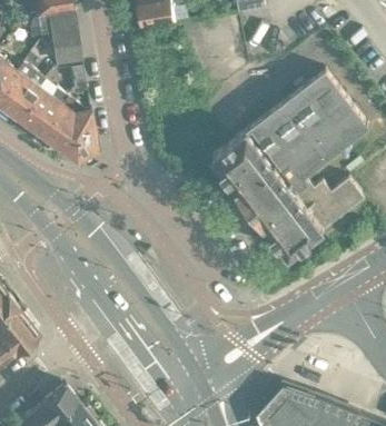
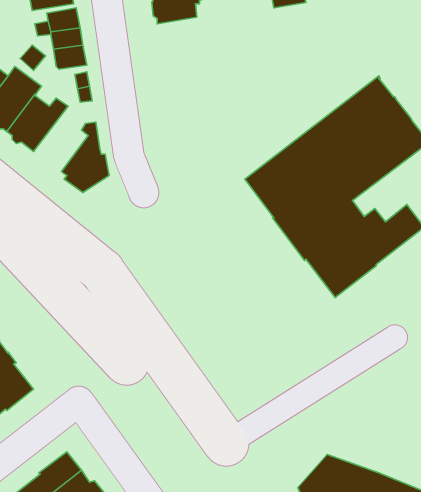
building: [37,96,82,151] -> none

